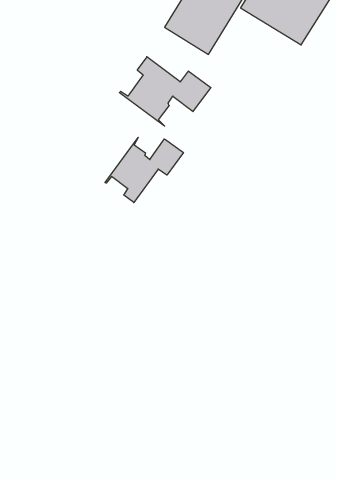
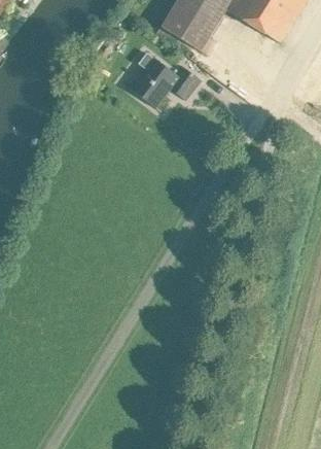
building: [105,137,183,203] -> none

